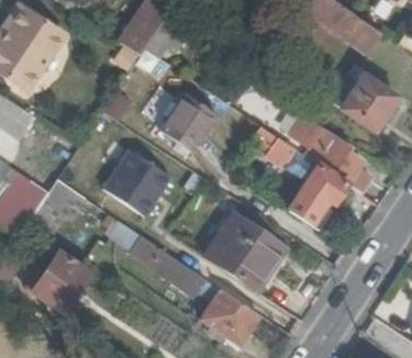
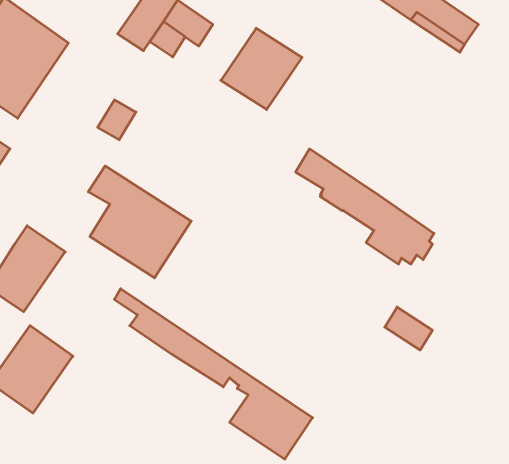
building: [342,78,394,132] -> none
building: [162,91,220,149] -> [221,28,302,110]
building: [289,113,369,193] -> none
building: [203,212,286,291] -> none

